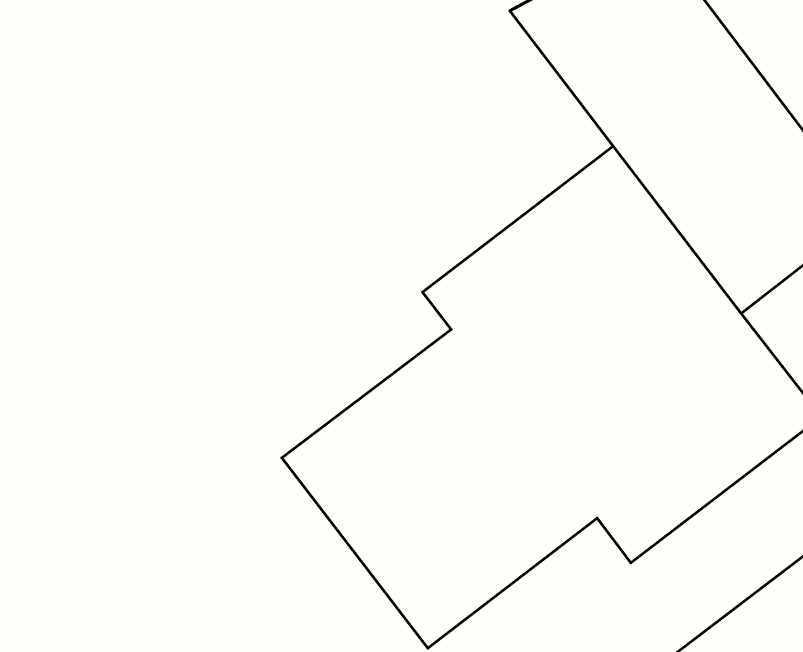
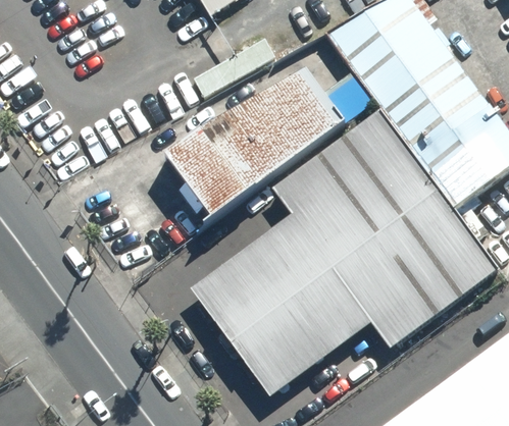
building: none -> [164,68,344,219]

